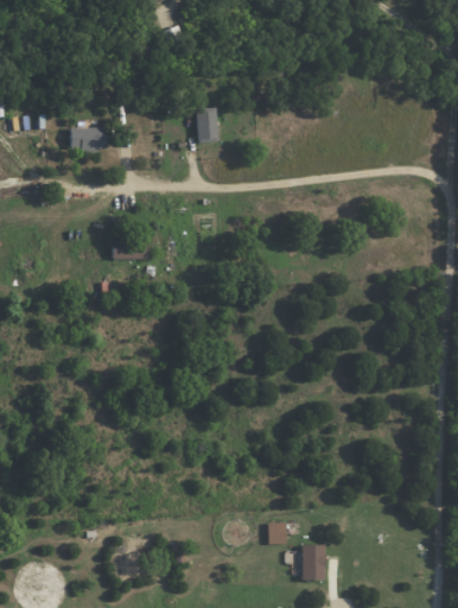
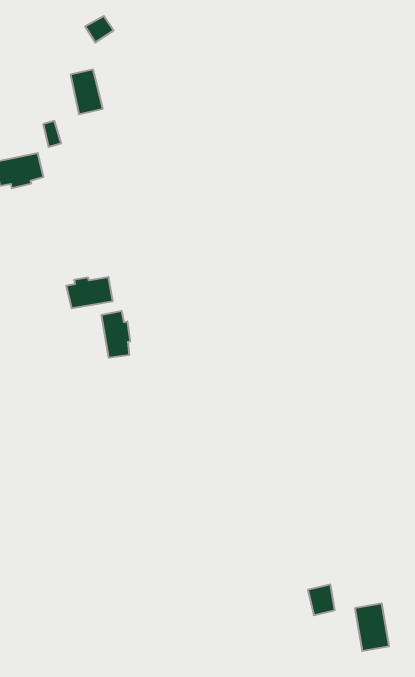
building: [192,107,214,141] -> [71,69,103,114]
building: none -> [102,311,130,358]

